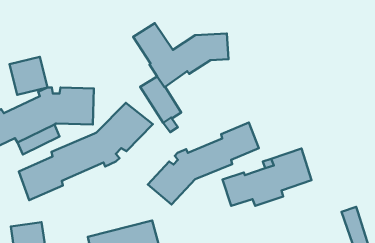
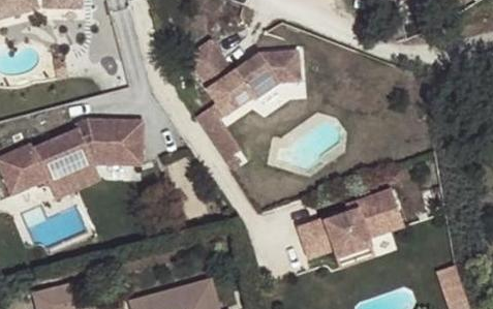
building: [9,57,48,95] -> none
building: [19,103,153,200] -> none
building: [148,123,259,204] -> none

